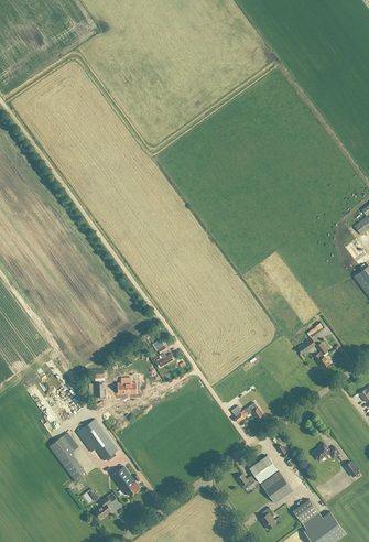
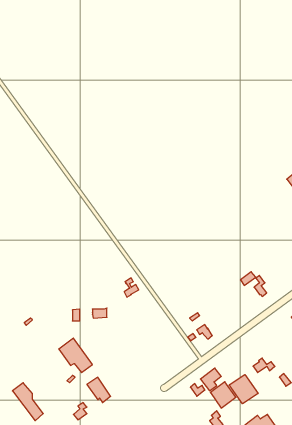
building: [50,435,87,481] -> [12,383,43,421]
building: none -> [229,375,258,404]

